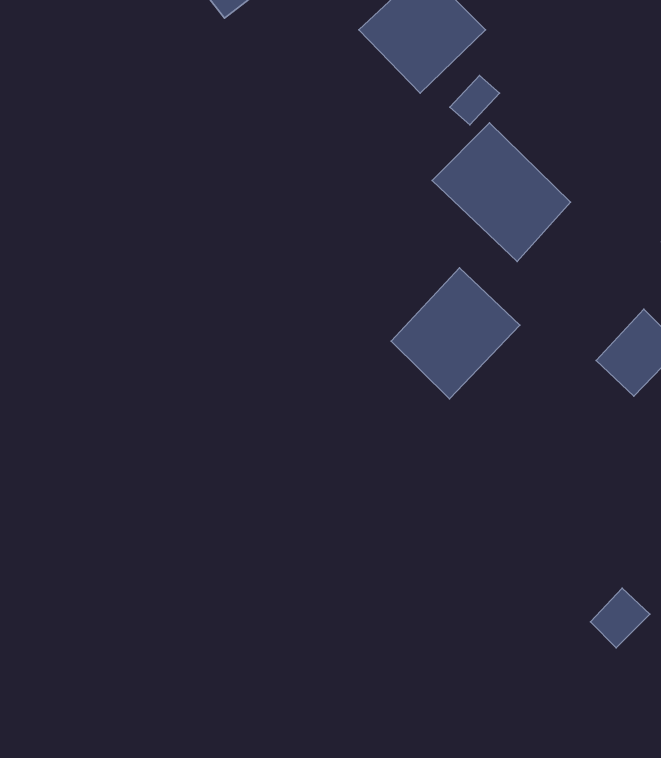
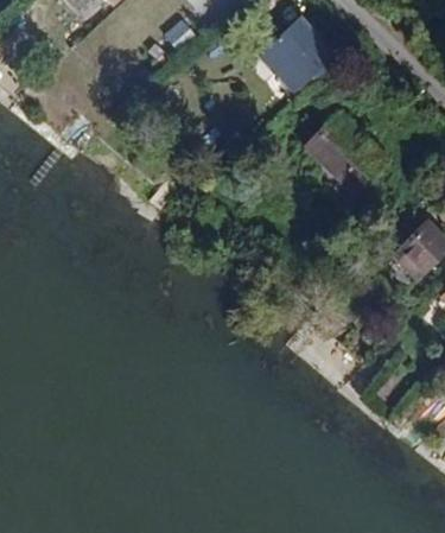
building: [391,268,520,399] -> none

